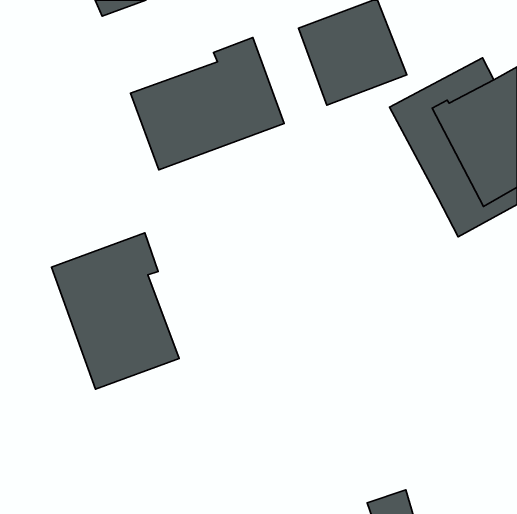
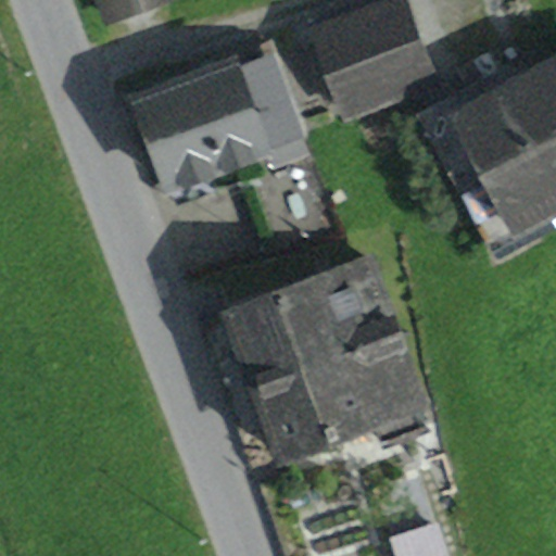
building: [51,233,179,389] -> none
building: none -> [230,264,425,459]

